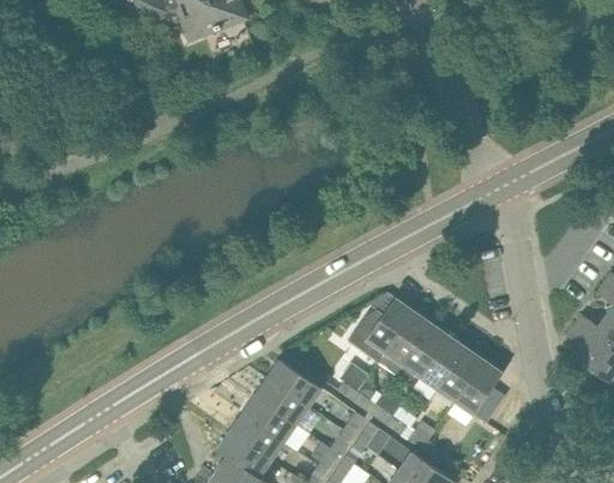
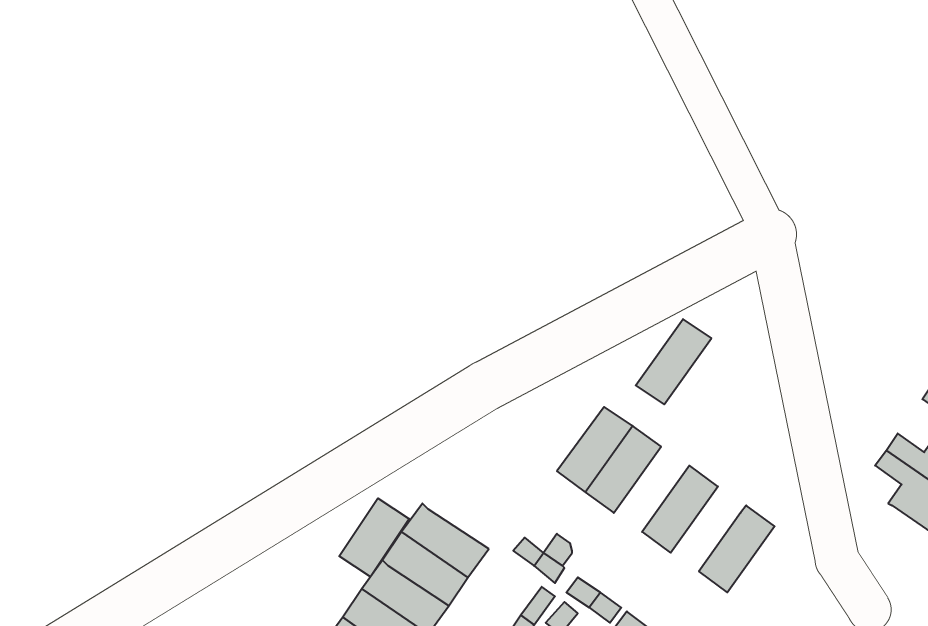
building: [401,324,449,378] -> [636,319,711,404]
building: [437,349,484,403] -> none
building: none -> [339,498,409,577]

